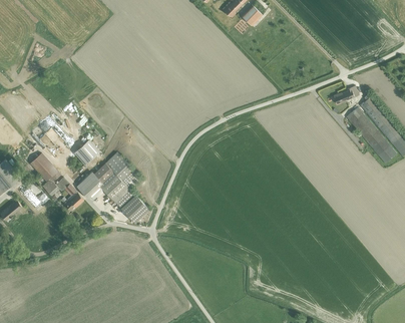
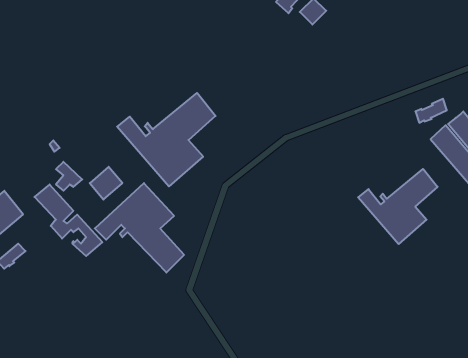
building: none -> [117,93,216,186]
building: none -> [358,169,438,244]

